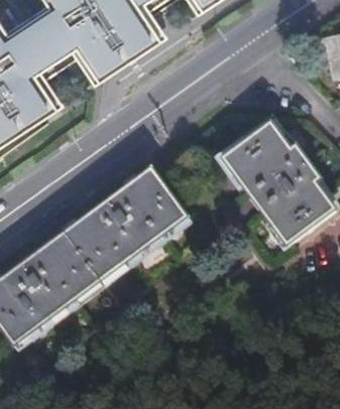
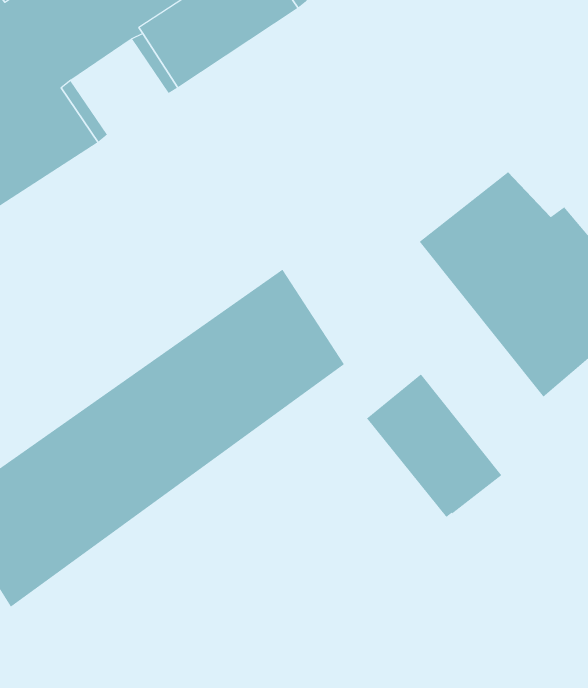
building: none -> [366,374,502,518]

